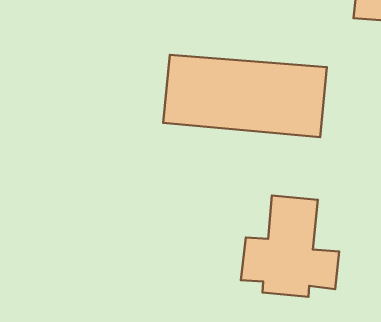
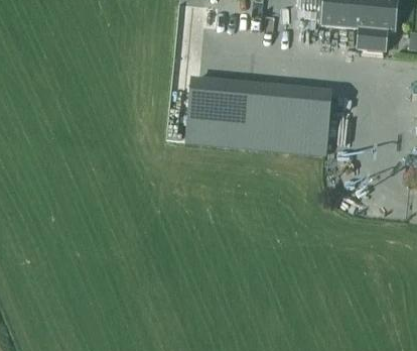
building: [241,195,339,297] -> none

